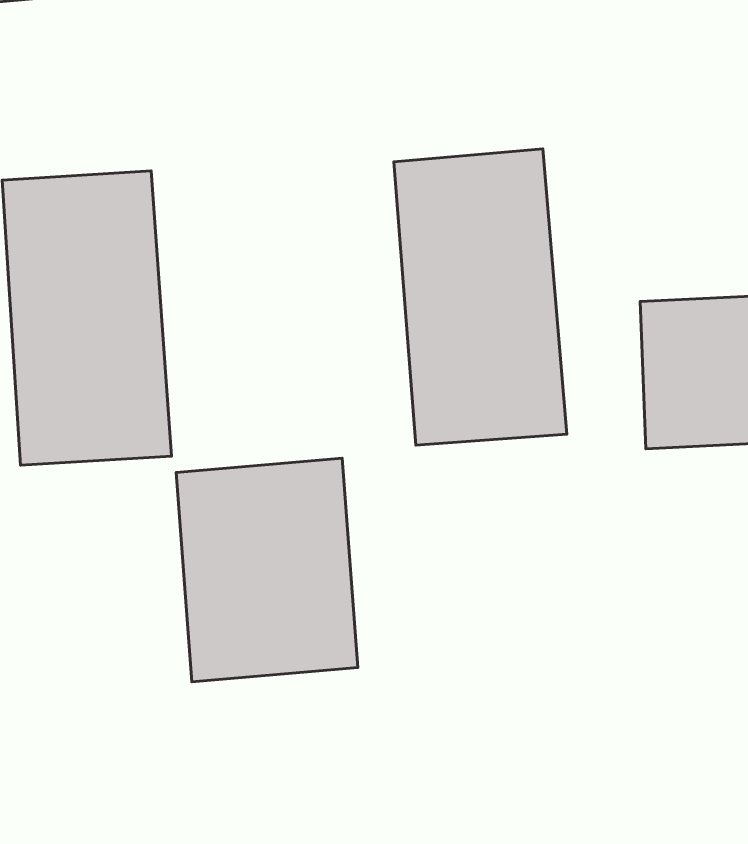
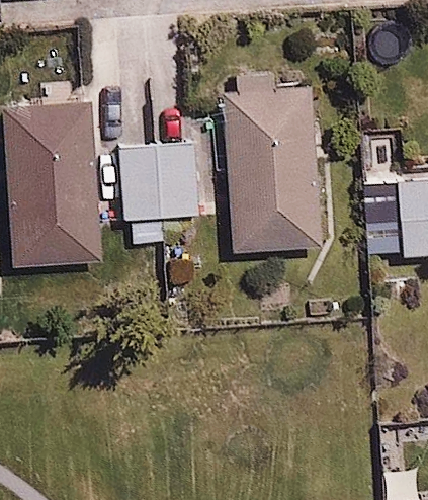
building: none -> [117,140,203,221]
building: [176,458,358,682] -> none

